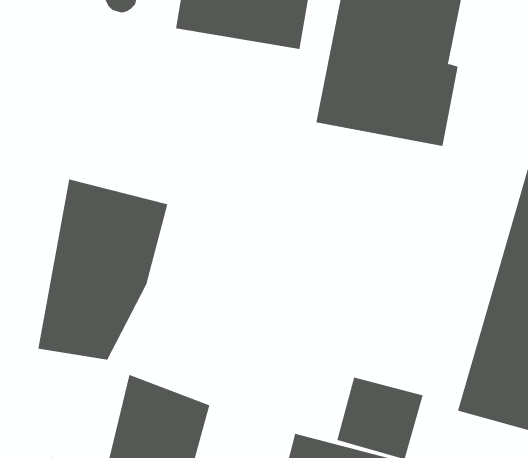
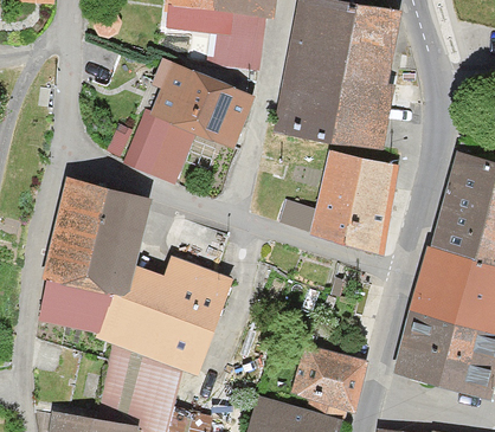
building: none -> [128,60,253,178]
building: none -> [282,150,401,253]
building: none -> [97,254,229,372]

